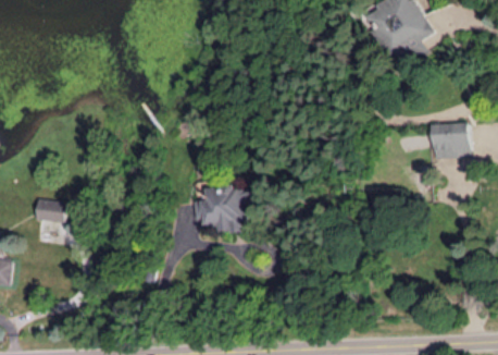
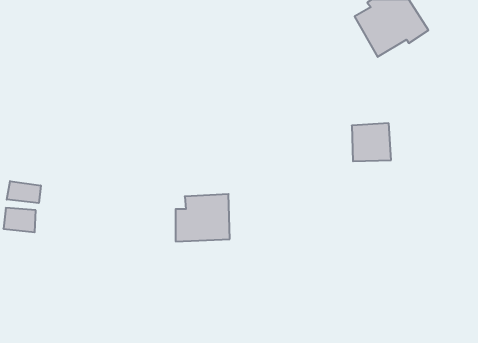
building: [431,121,468,157] -> [352,123,391,161]
building: none -> [7,181,41,203]

